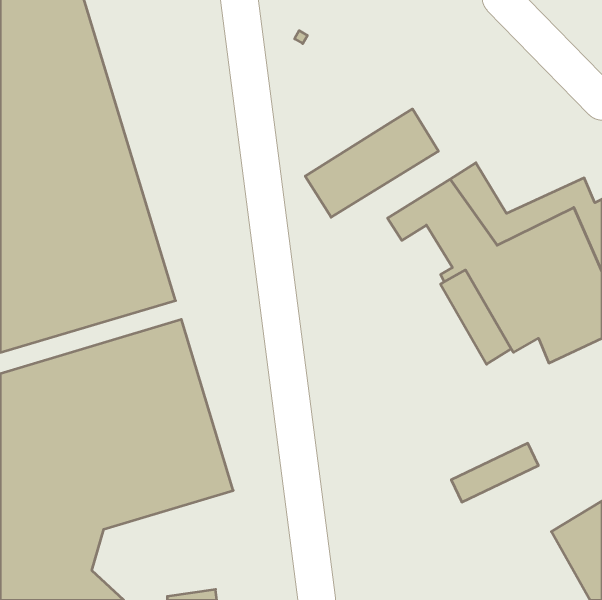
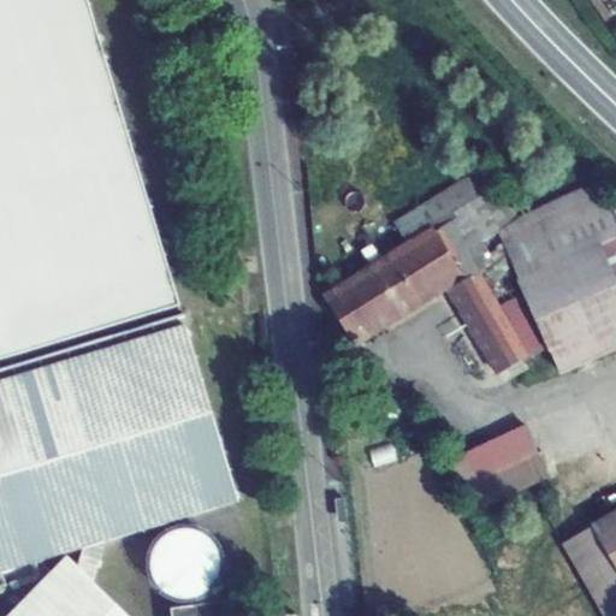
building: [305,109,438,217] -> [326,230,462,340]
building: none -> [446,422,539,490]
building: none -> [149,526,218,596]

